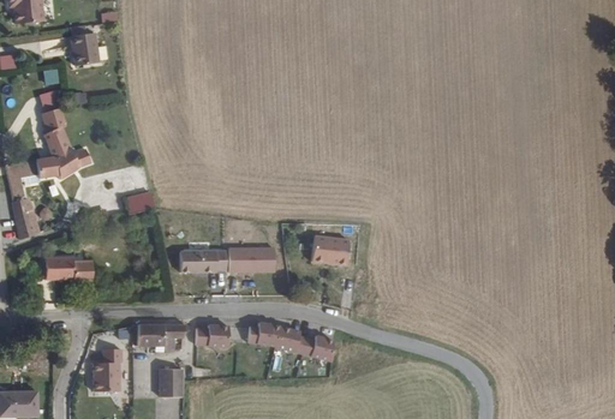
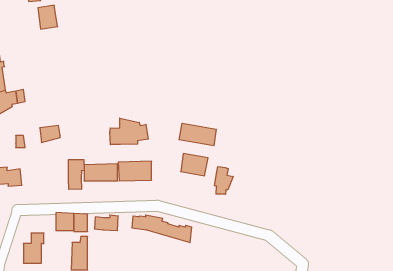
building: [72,35,100,68] -> [38,5,58,29]
building: none -> [110,118,148,145]
building: none -> [179,123,216,146]
building: none -> [68,160,84,189]
building: none -> [214,167,233,194]

